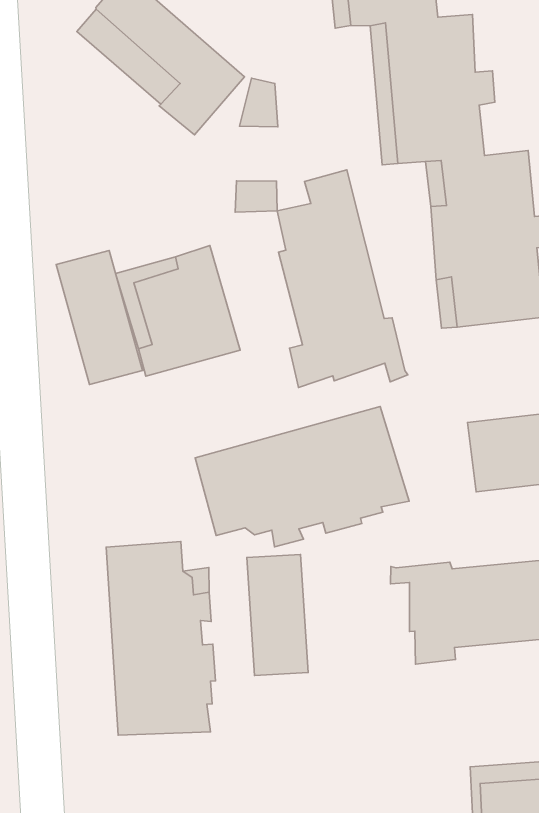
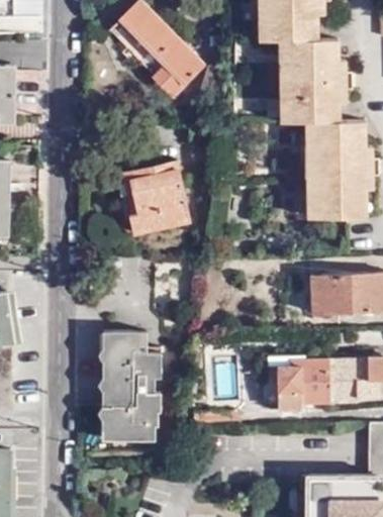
building: [277,170,408,387] -> none
building: [56,250,142,385] -> none
building: [195,407,409,547] -> none
building: [247,555,308,676] -> none

